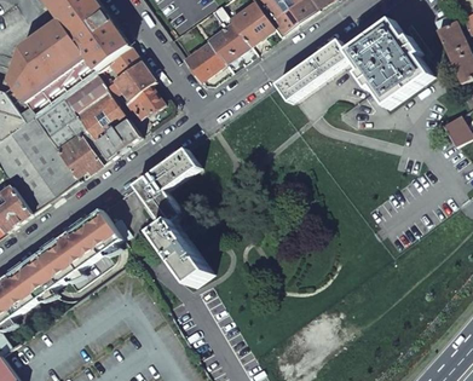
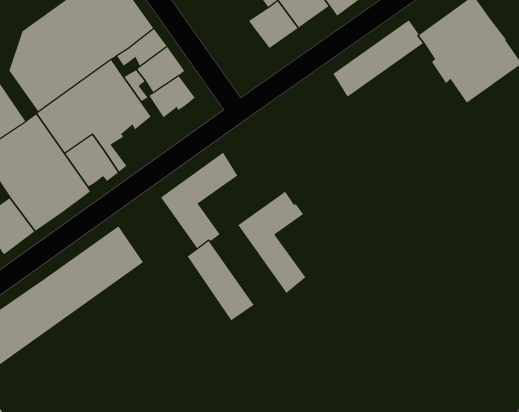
building: [184,42,224,80] -> none
building: [94,119,140,160] -> none
building: none -> [237,191,306,294]

